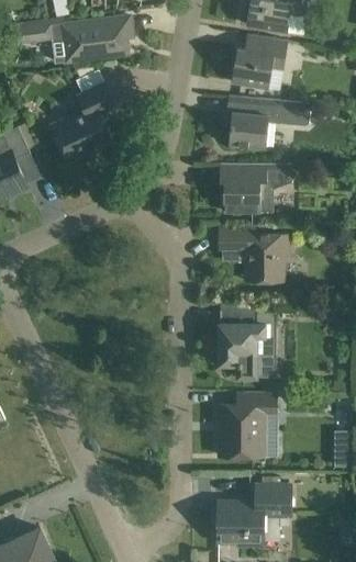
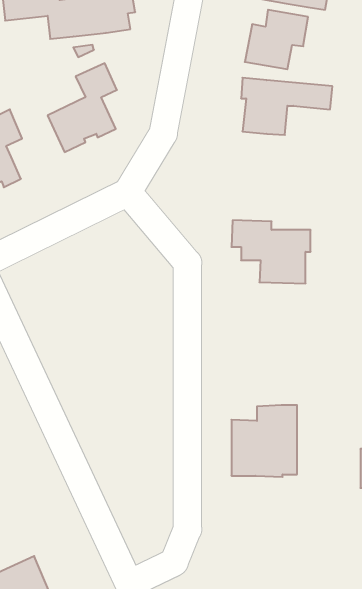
building: [219,164,291,212] -> none
building: [218,305,275,378] -> none
building: [216,484,290,547] -> none

